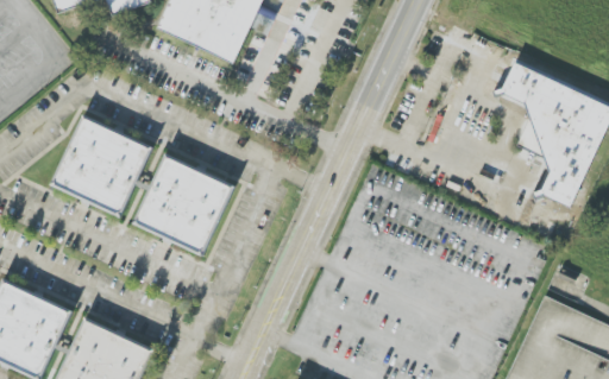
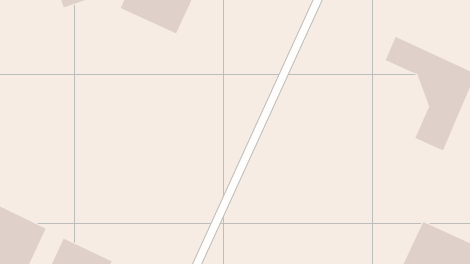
building: [516,108,554,159] -> none
building: [56,116,149,211] -> none
building: [137,157,230,252] -> none

